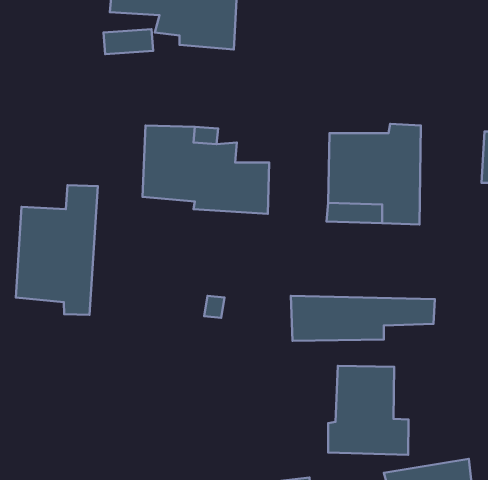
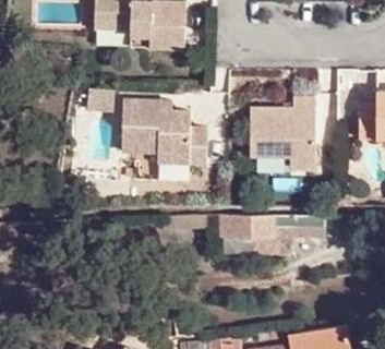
building: [16,185,98,315] -> none
building: [328,366,408,455] -> none

